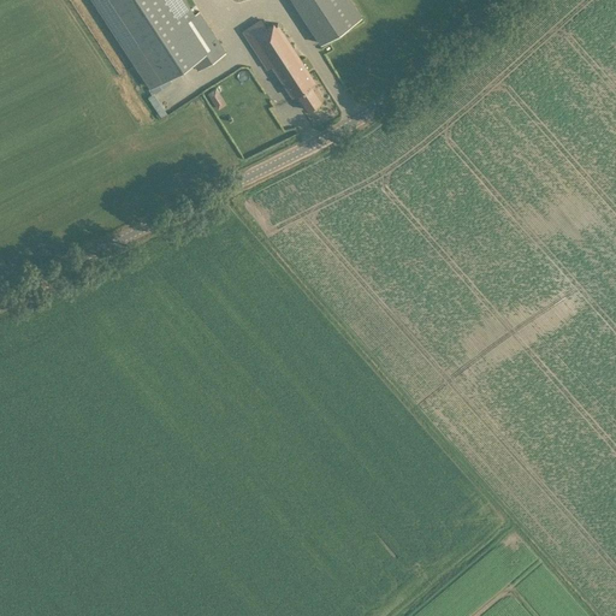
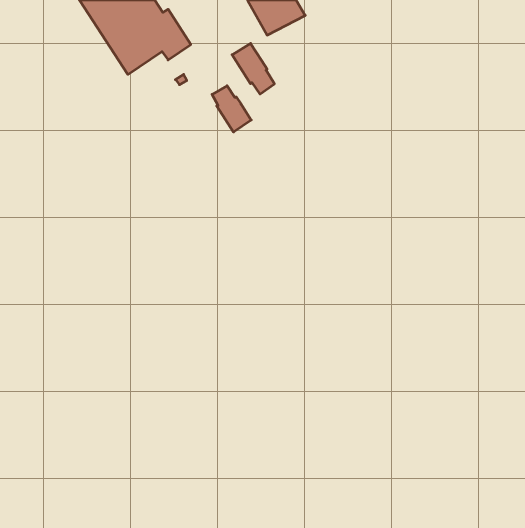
building: [248,24,292,67] -> none
building: none -> [212,86,251,132]

